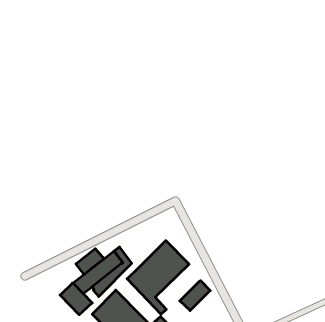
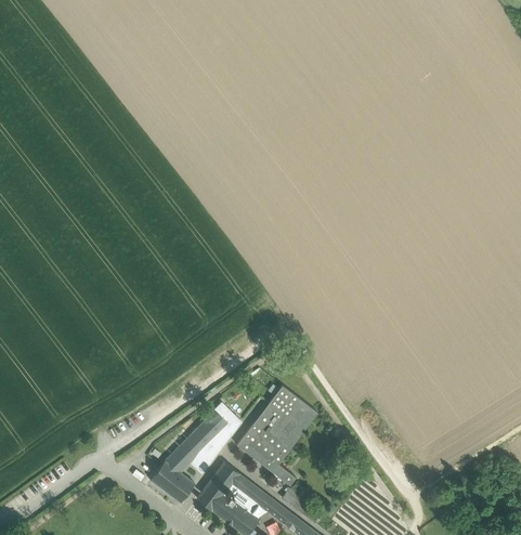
building: [76,249,104,274] -> none
building: [180,281,210,311] -> none

